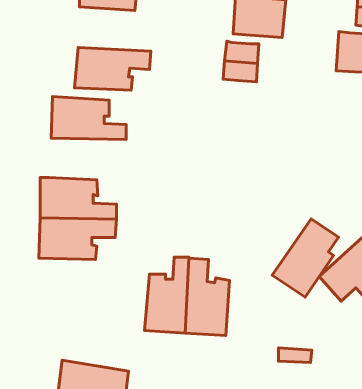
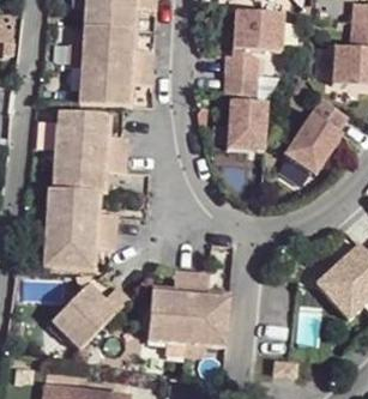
building: none -> [82,22,153,65]
building: none -> [225,99,266,152]
building: none -> [53,150,128,191]
building: [272,219,338,297] -> [282,98,346,175]
building: none -> [50,283,129,349]

